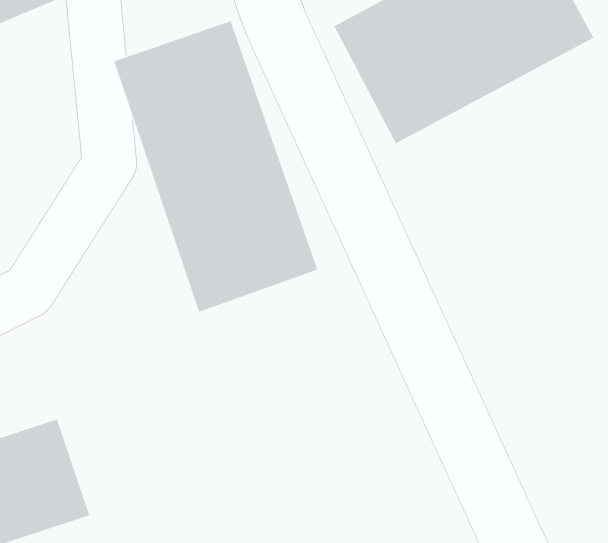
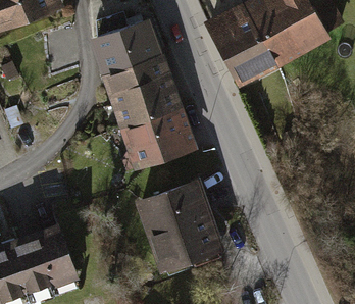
building: none -> [141,184,218,267]

